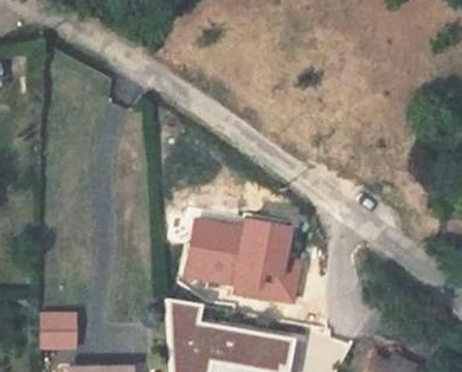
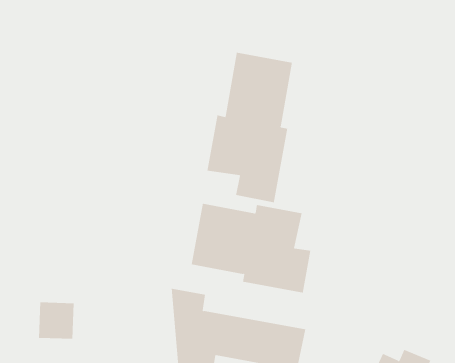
building: none -> [207,52,293,203]

